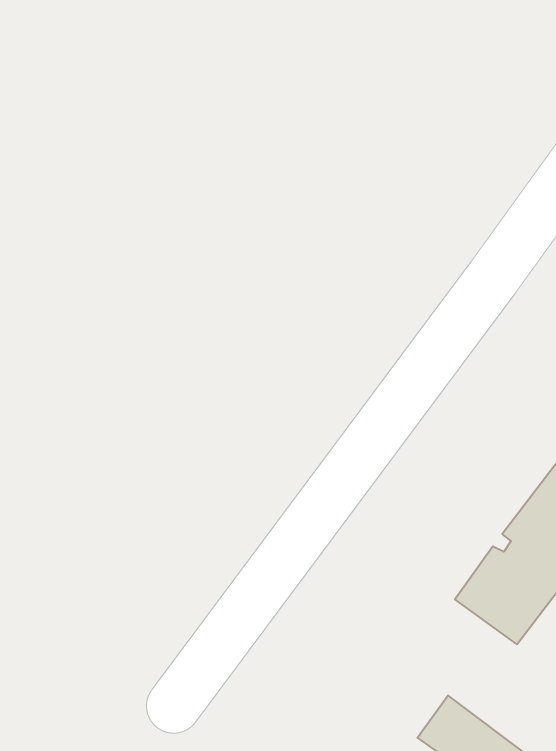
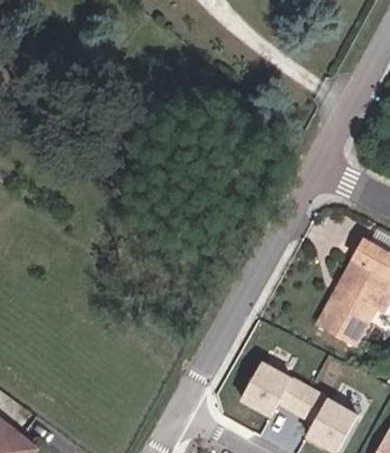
building: none -> [245,361,313,414]

